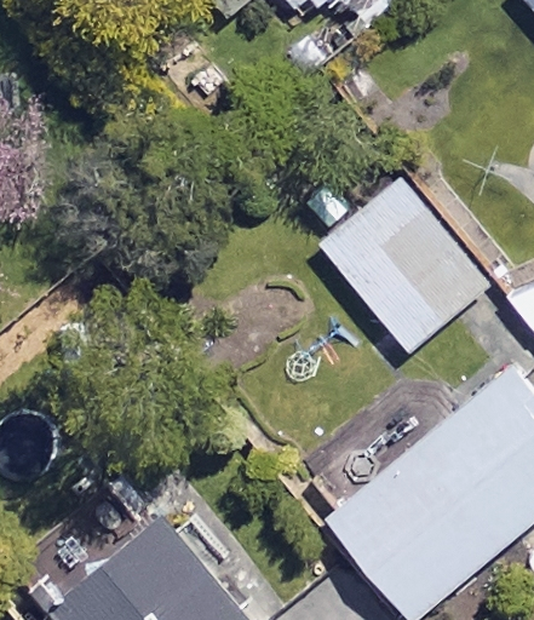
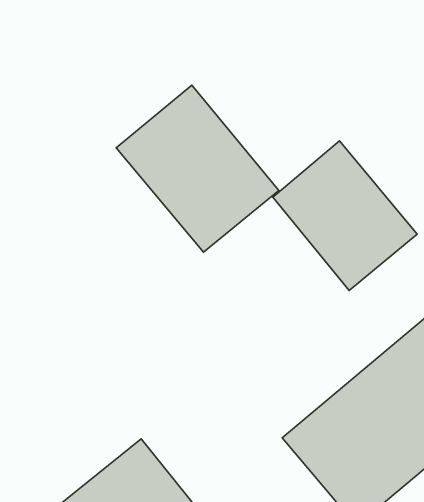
building: none -> [116,85,279,252]

